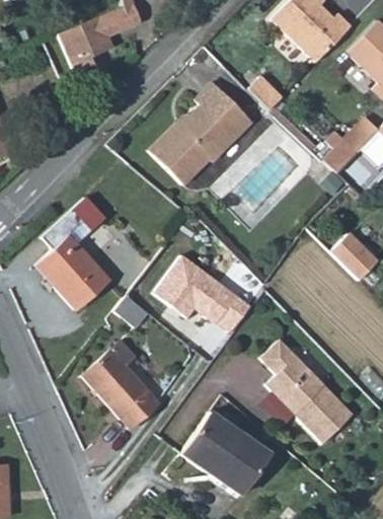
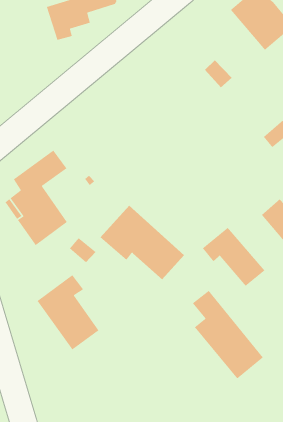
building: [150,83,252,187] -> none
building: none -> [202,227,266,287]
building: [179,411,269,495] -> none

